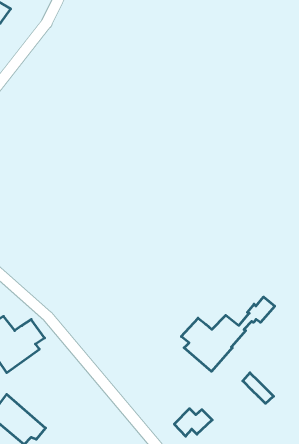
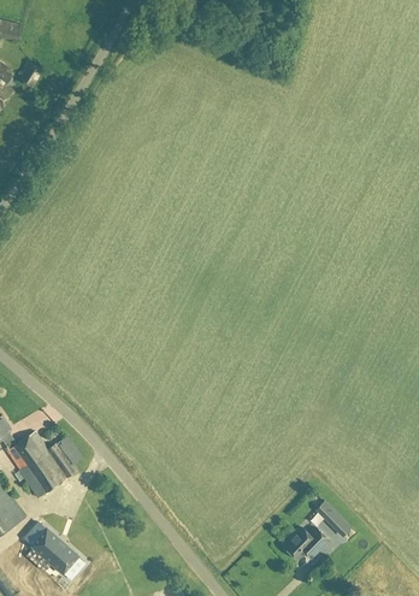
building: [181,297,275,371] -> none
building: [174,409,212,436] -> [284,526,329,559]

